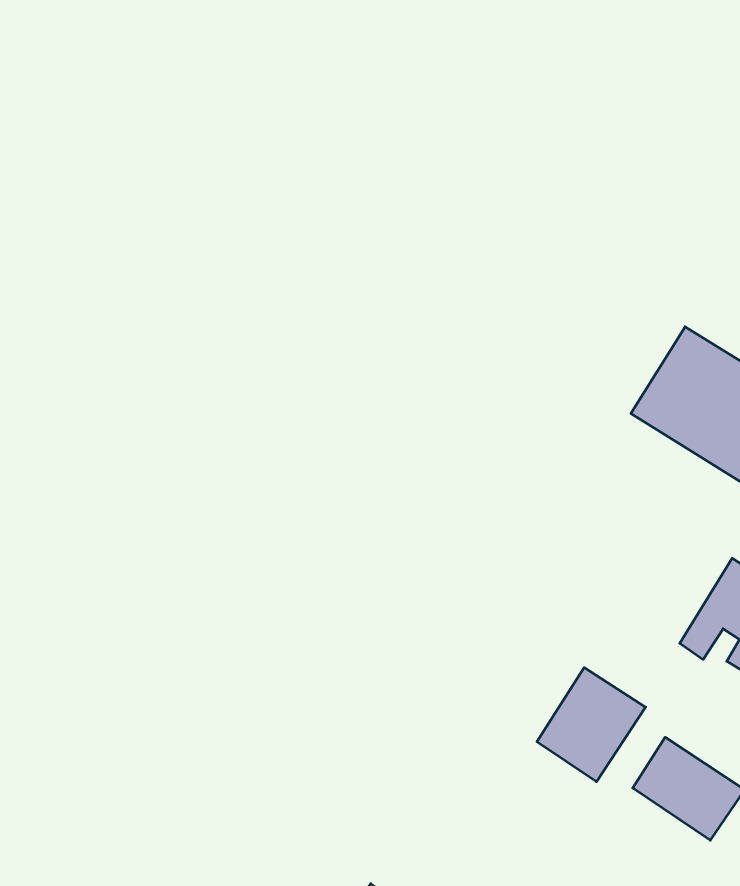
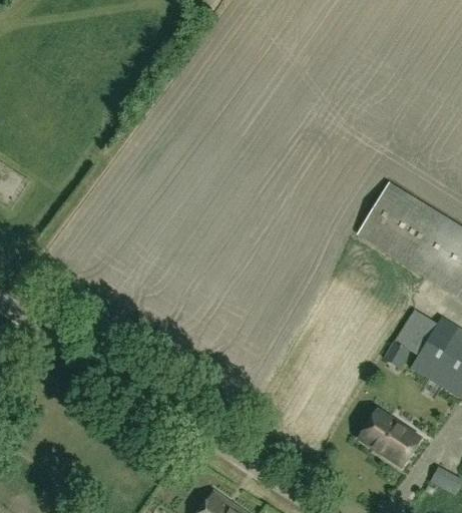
building: [537,668,646,782] -> none

